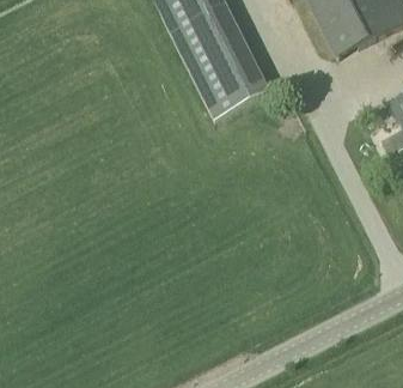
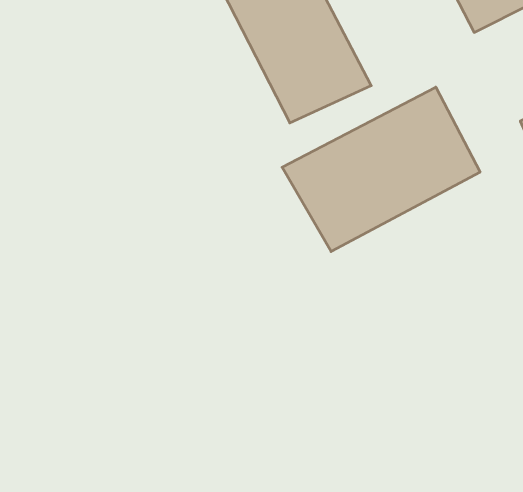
building: none -> [282,87,480,252]

